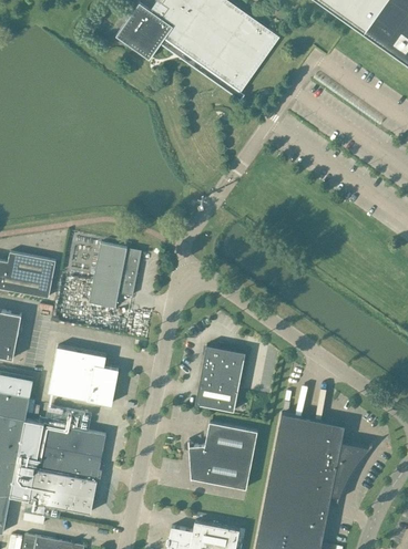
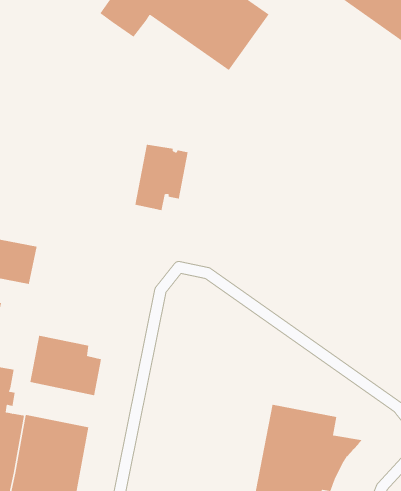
building: [89,244,141,308] -> [135,144,189,211]
building: [195,345,245,412] -> none
building: [188,422,257,489] -> none

